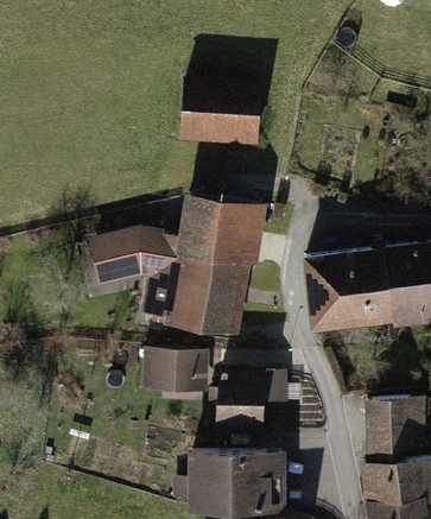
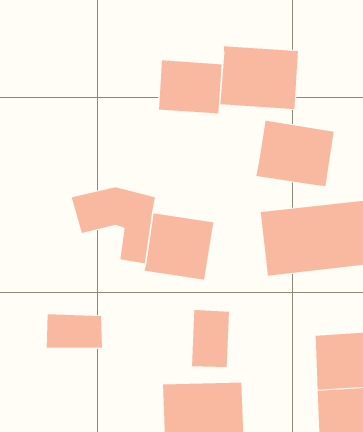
building: none -> [220,45,298,110]
building: [179,194,270,270] -> [256,120,334,187]
building: [141,352,207,391] -> [46,314,103,348]

